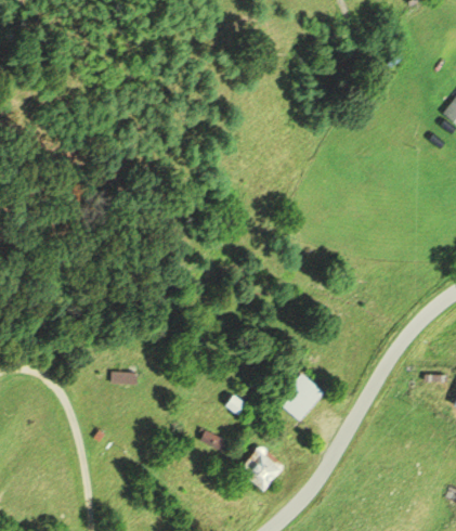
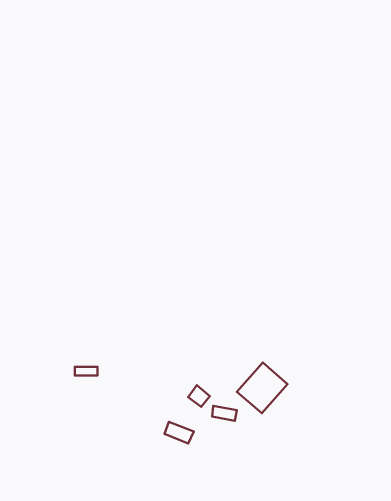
building: [239,446,285,490] -> none

